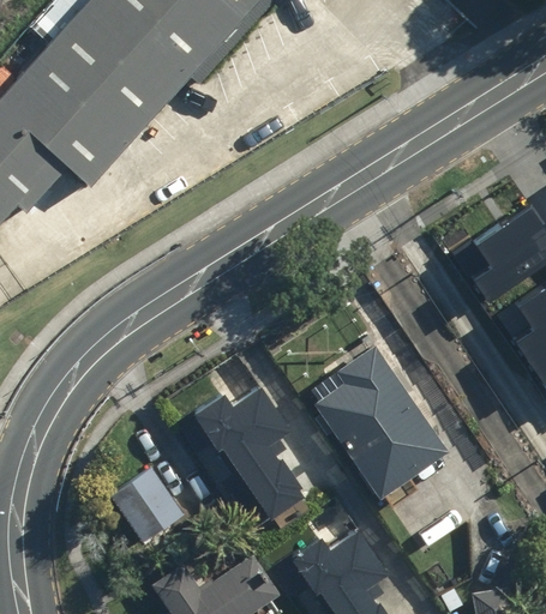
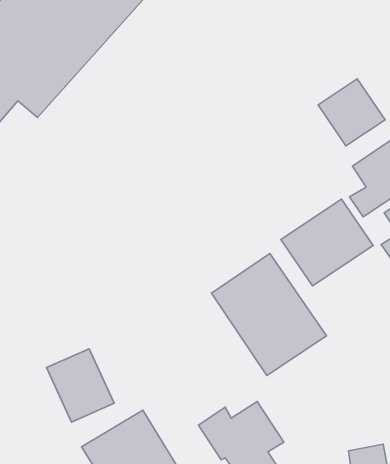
building: none -> [318,79,385,146]
building: none -> [281,199,373,286]
building: [194,391,308,523] -> none

